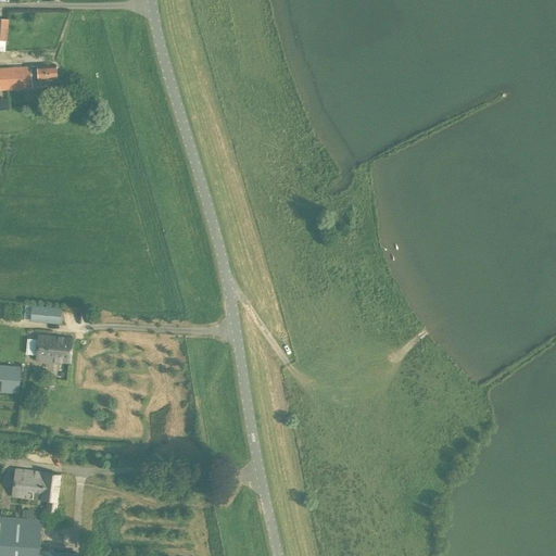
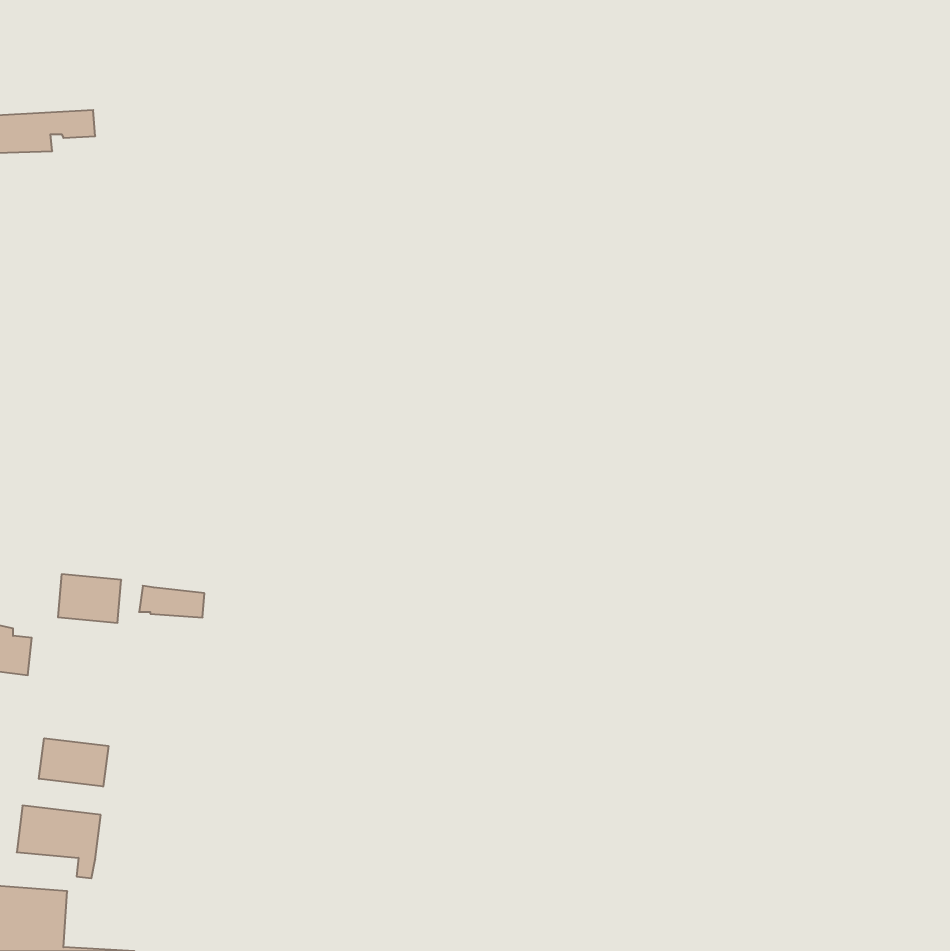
building: [22,304,60,323] -> [139,586,204,617]
building: none -> [39,738,108,787]

